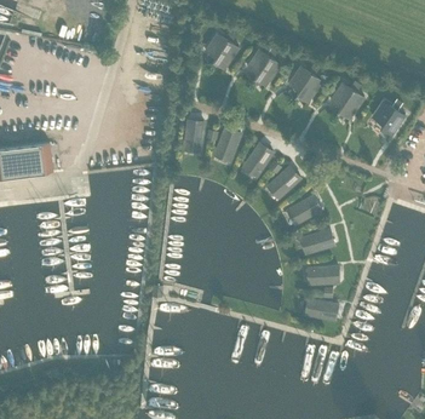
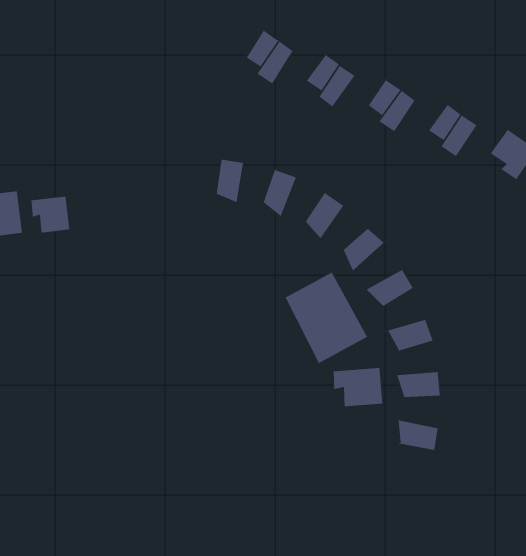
building: none -> [31,196,70,233]
building: none -> [284,271,368,364]
building: none -> [333,367,383,407]

